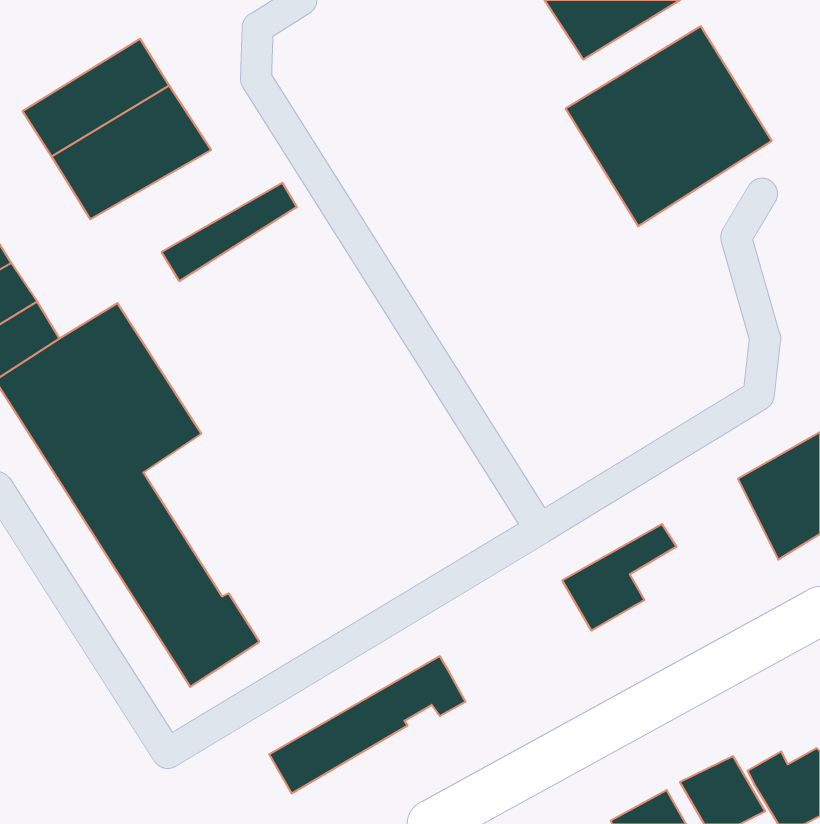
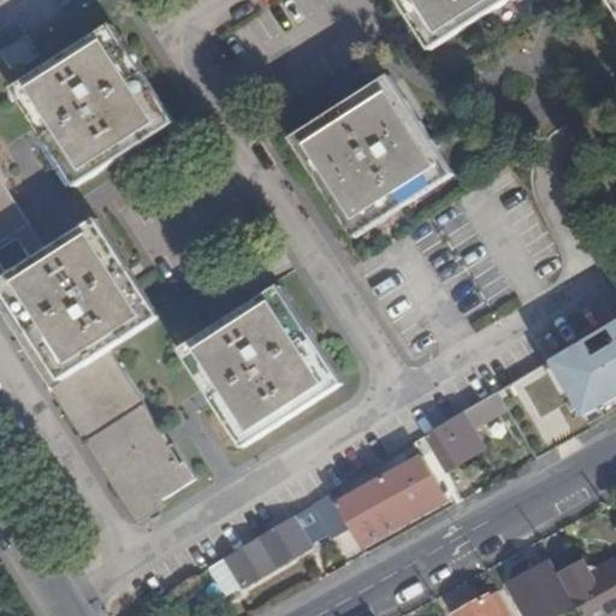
building: [566,26,772,226] -> [294,81,448,230]
building: [162,183,297,281] -> [67,112,168,185]
building: none -> [185,292,336,445]
building: none -> [336,455,443,547]

